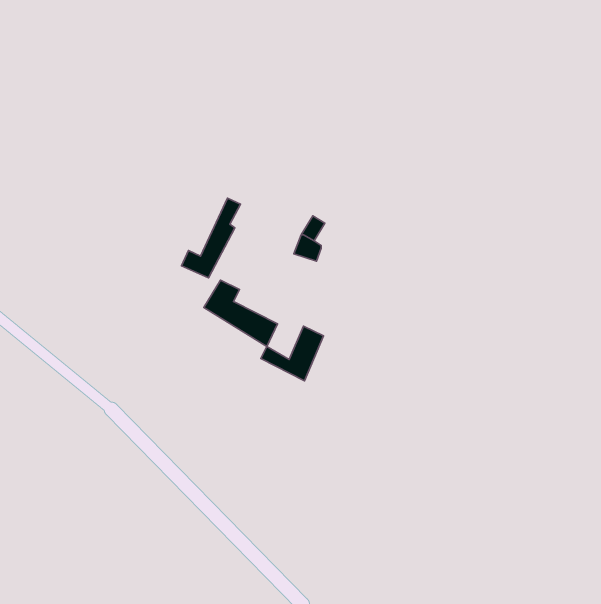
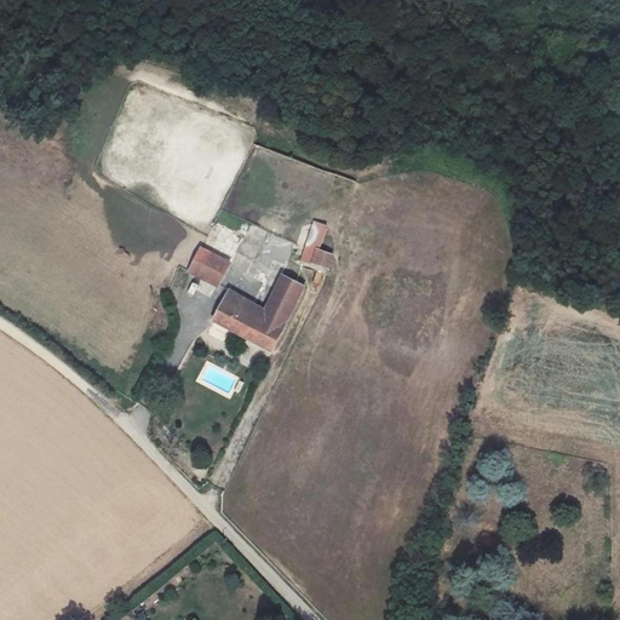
building: [261,326,324,381] -> [239,275,303,331]

